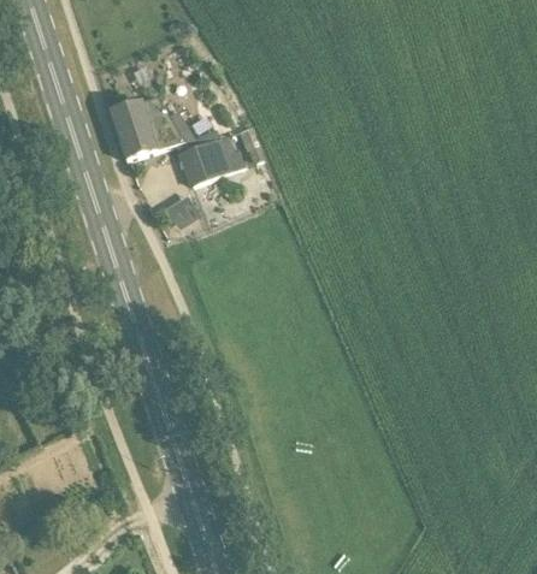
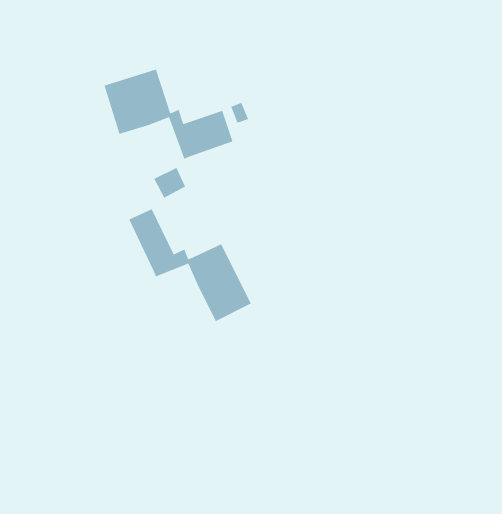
building: none -> [128,208,252,322]

